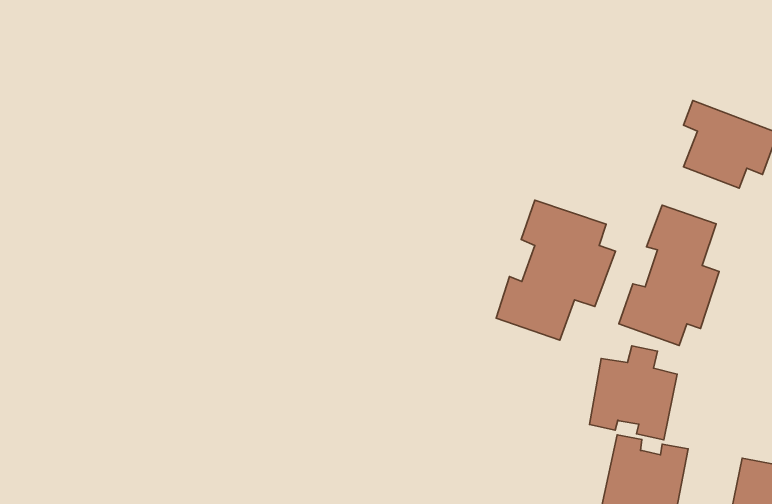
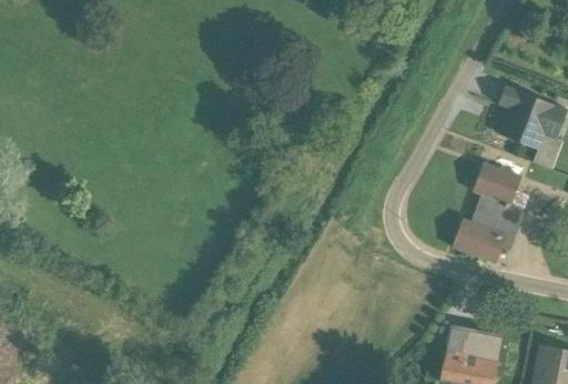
building: [496,200,615,340] -> none
building: [589,346,677,440] -> none

